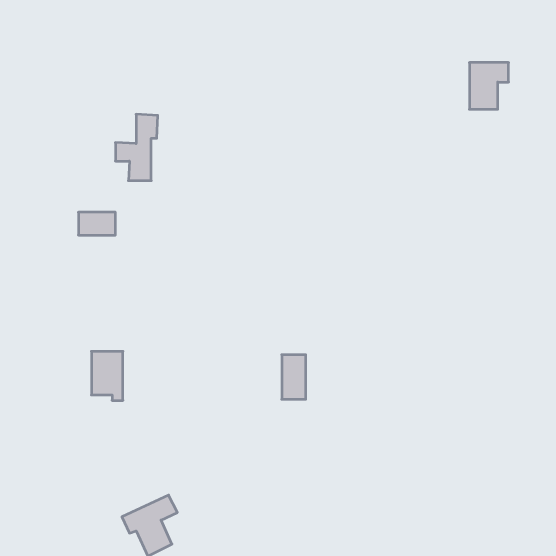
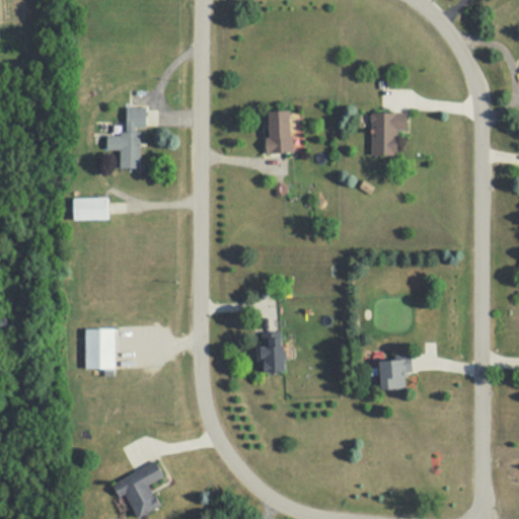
building: [469,63,509,109] -> [371,113,407,156]
building: none -> [266,110,292,153]
building: none -> [380,359,412,388]

